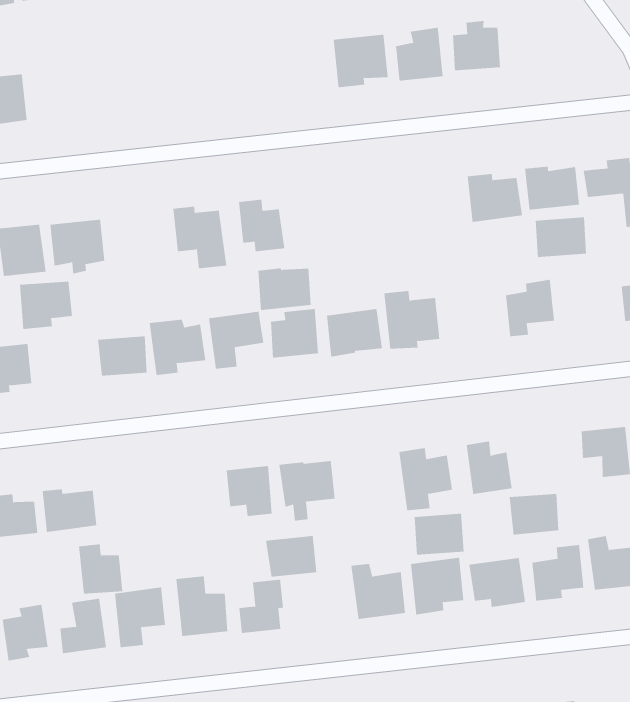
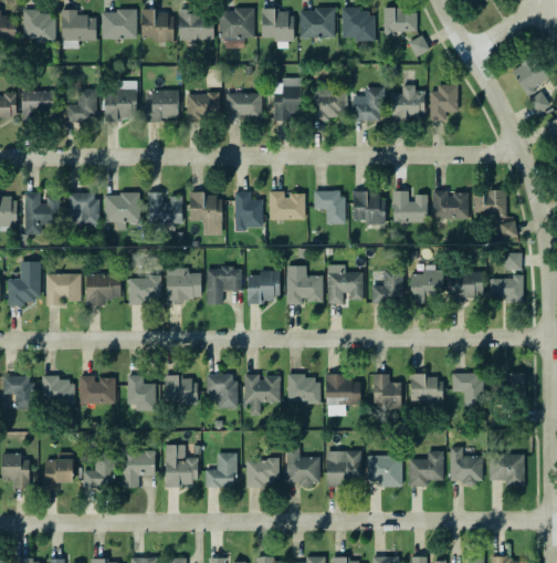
building: none -> [429,86,458,119]
building: none -> [273,77,301,121]
building: none -> [225,92,262,121]
building: none -> [104,81,137,119]
building: none -> [183,92,219,121]
building: none -> [144,90,178,121]
building: none -> [353,191,385,223]
building: none -> [313,190,344,223]
building: none -> [147,191,182,223]
building: [535,217,587,257] -> [448,271,483,298]
building: [258,268,311,311] -> [269,191,305,219]
building: [19,281,73,330] -> [85,273,120,304]
building: none -> [370,269,401,304]
building: none -> [165,377,197,403]
building: [509,493,559,535] -> [410,375,443,402]
building: [414,513,464,555] -> [286,375,320,403]
building: [265,536,317,577] -> [245,459,279,484]
building: [78,544,123,594] -> [127,375,155,409]

